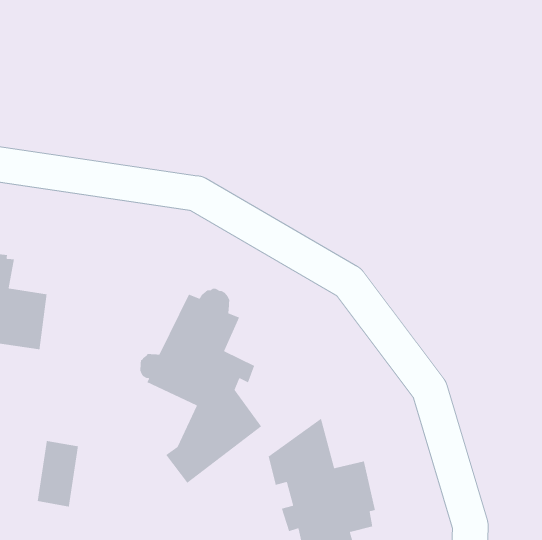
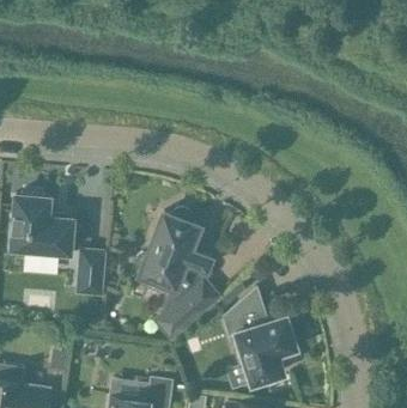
building: [37,440,79,507] -> [78,251,103,294]

